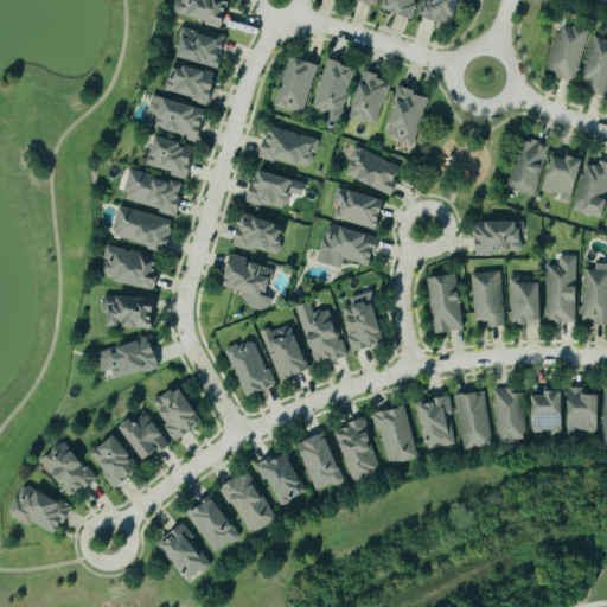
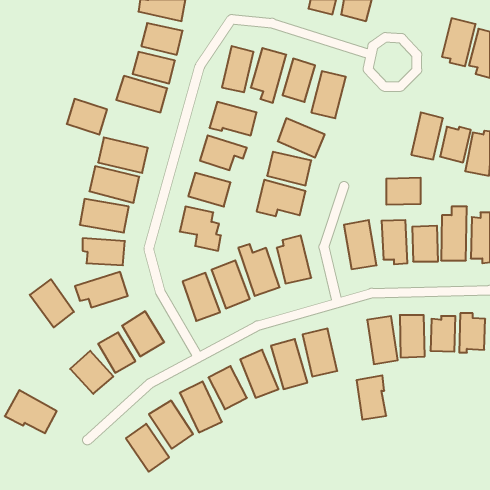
building: [146,134,196,178] -> [67,99,107,135]
building: [416,395,453,449] -> [356,375,386,420]
building: [39,439,94,498] -> [30,279,74,327]

